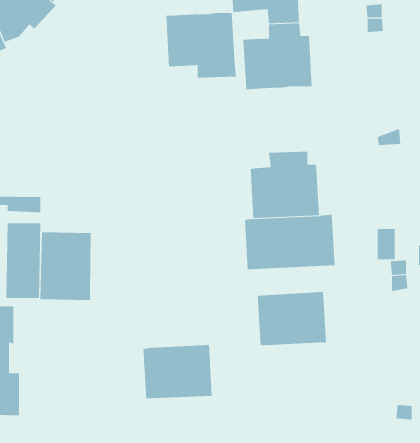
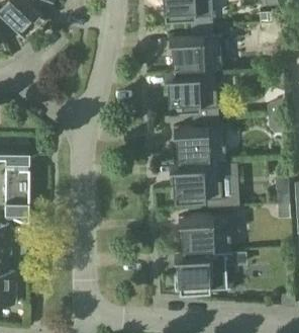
building: [165,12,237,78] -> [169,74,219,120]
building: [40,231,91,301] -> none
building: [143,345,213,399] -> [179,255,228,294]

